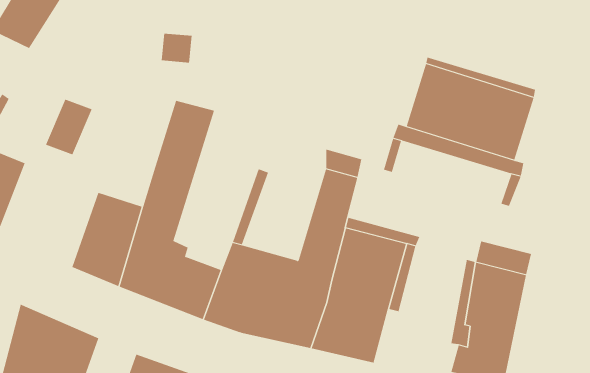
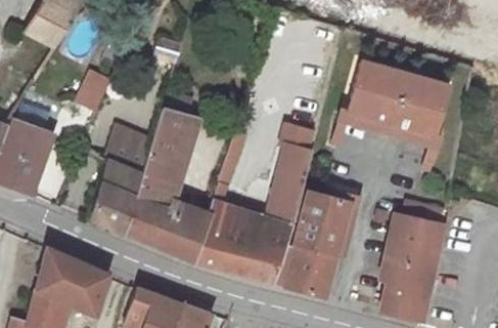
building: none -> [108,131,152,172]

